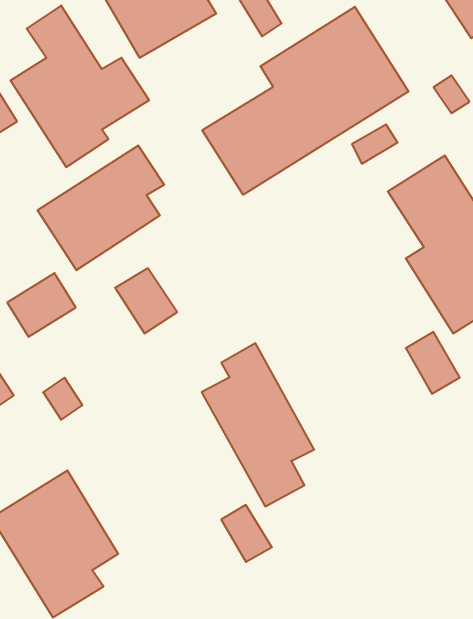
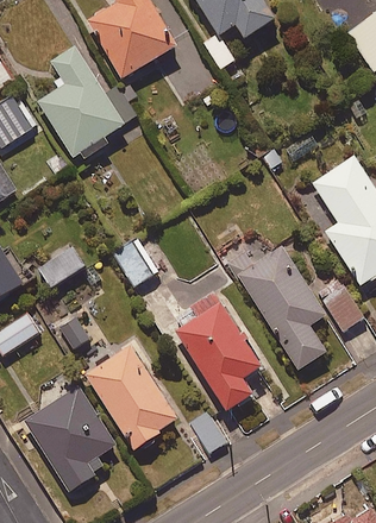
building: [202,7,408,195] -> none
building: [38,145,164,270] -> none
building: none -> [226,235,326,371]
building: none -> [86,346,177,448]

